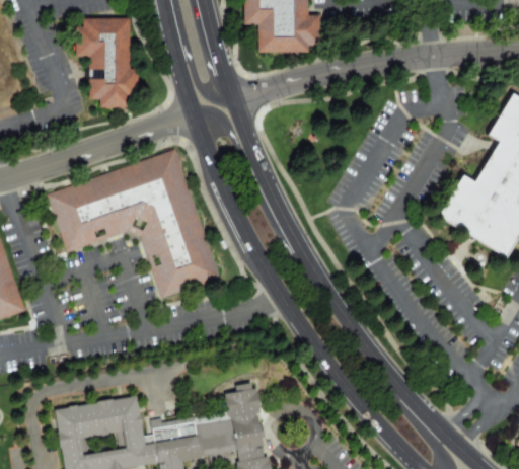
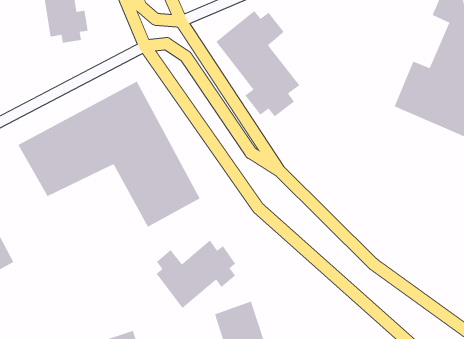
building: none -> [215,10,300,117]
building: none -> [156,240,236,309]

